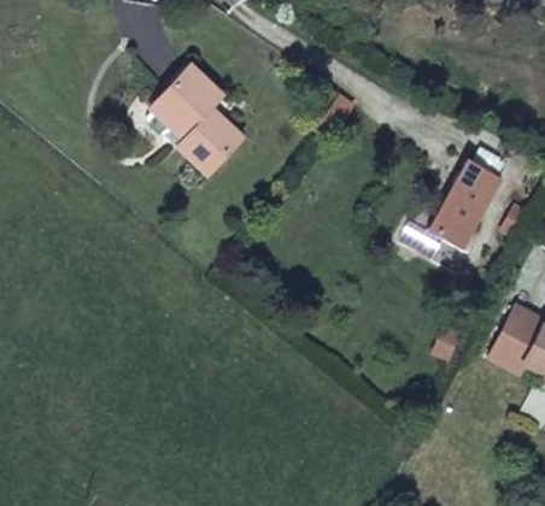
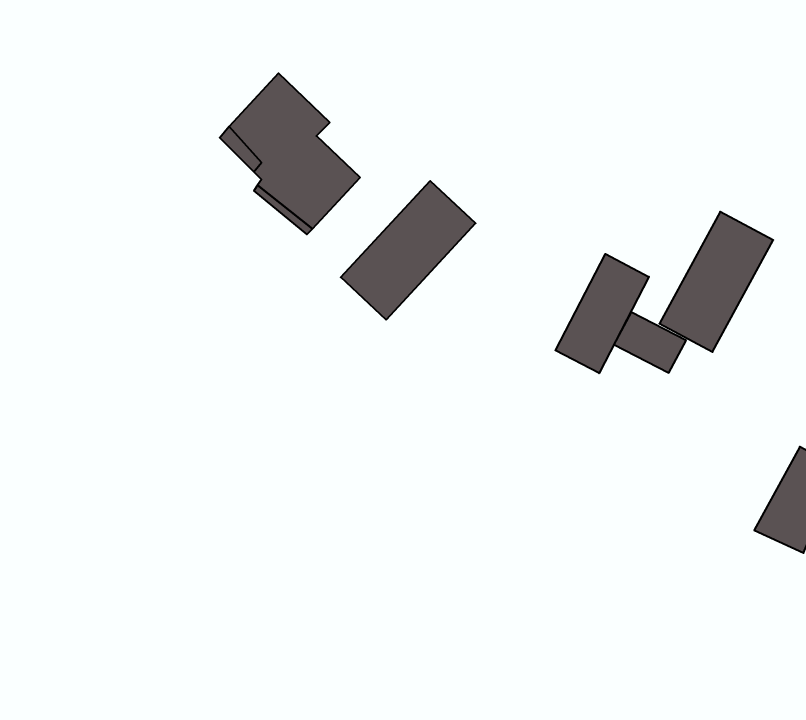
building: none -> [341,181,476,320]
building: none -> [555,254,649,373]

